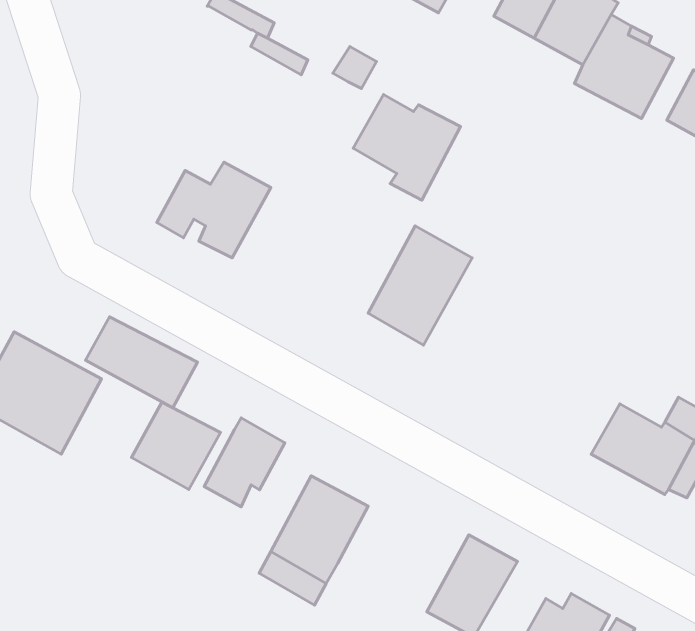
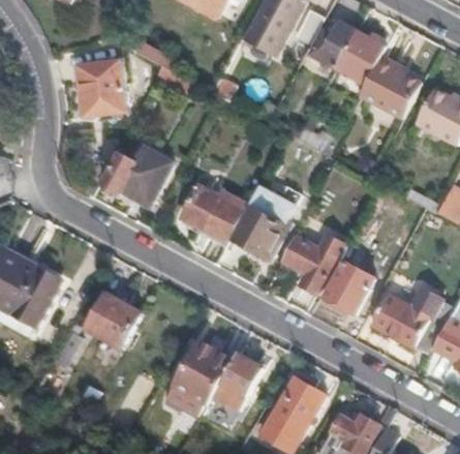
building: none -> [79,64,124,122]
building: [353,95,461,200] -> [180,181,246,246]
building: none -> [280,232,346,293]
building: [85,317,197,408] -> none
building: none -> [324,262,371,312]
building: [204,418,285,507] -> [212,351,262,405]

